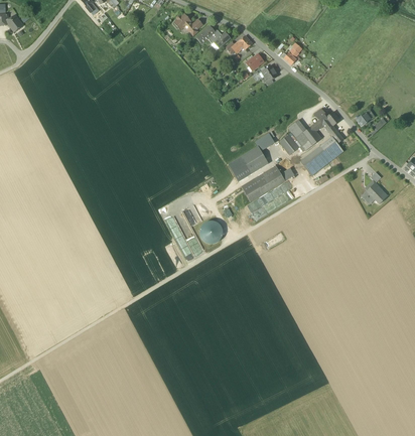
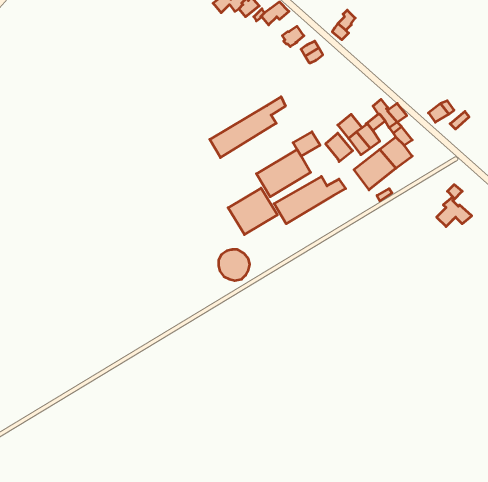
building: none -> [210,97,285,158]
building: none -> [228,188,277,235]

